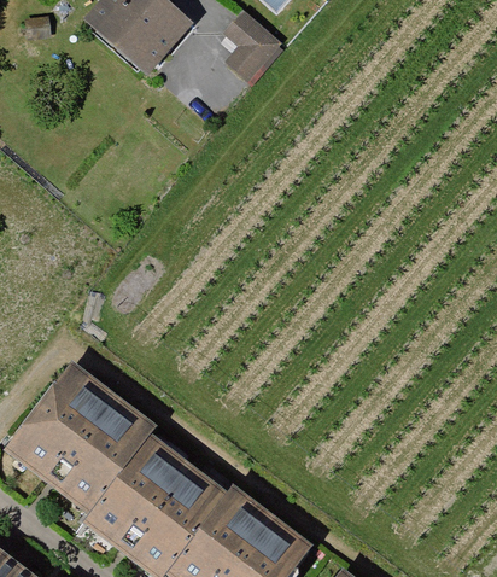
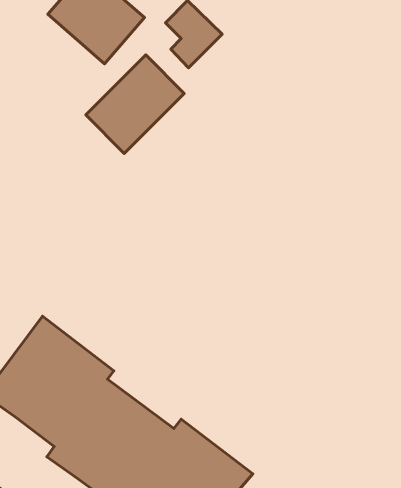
building: none -> [86,55,184,154]

